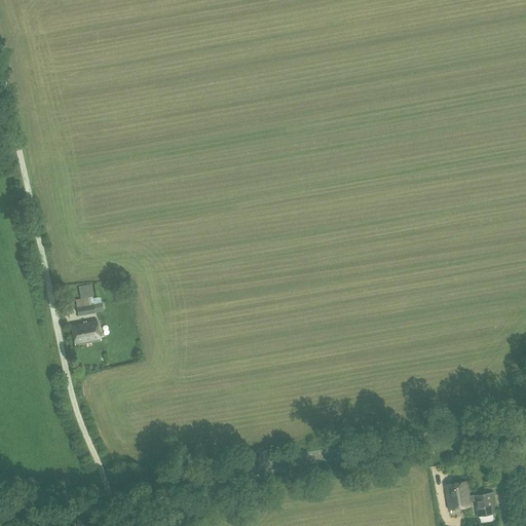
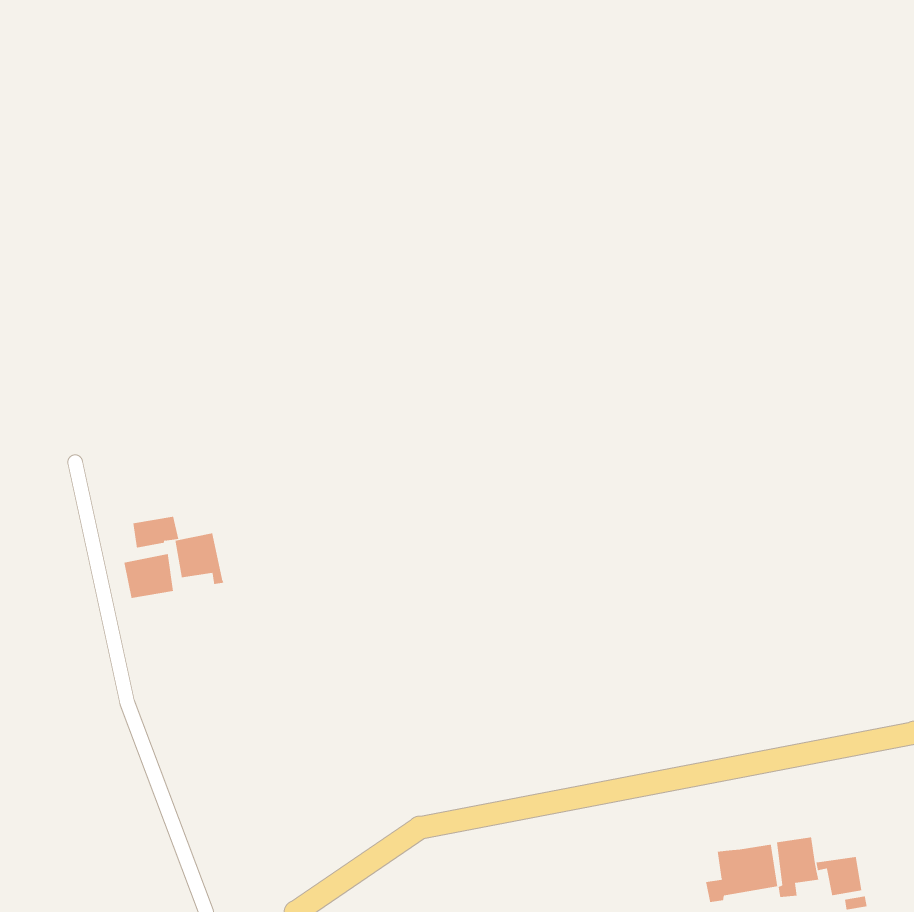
building: none -> [175,533,224,585]
building: none -> [706,844,778,903]

